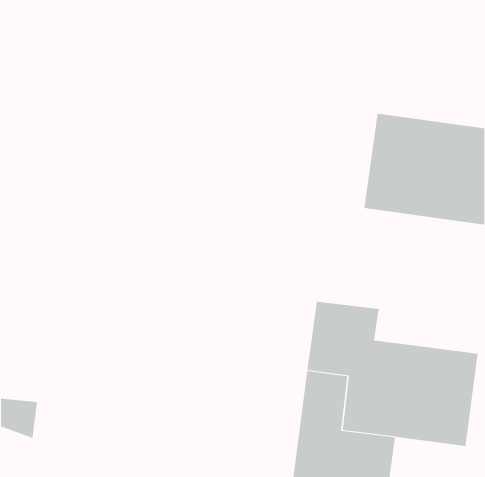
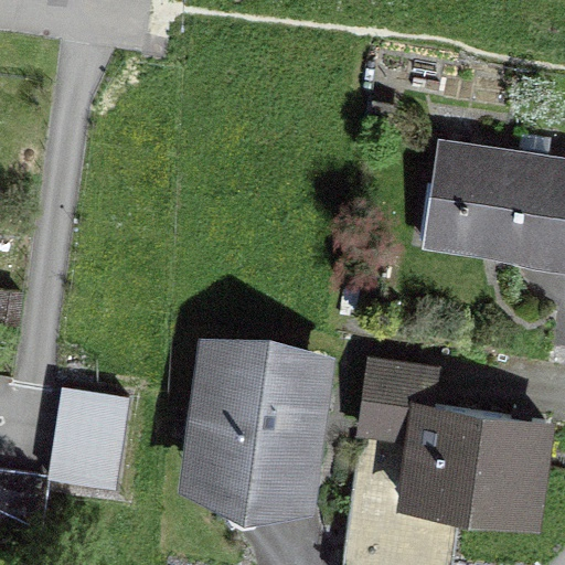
building: none -> [195,351,318,492]
building: none -> [50,391,130,491]

